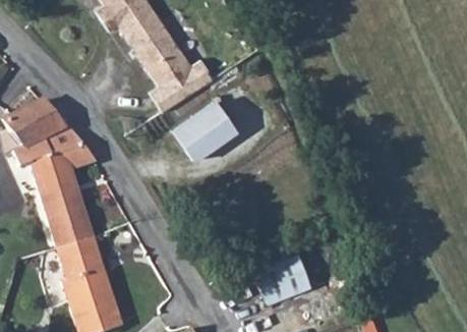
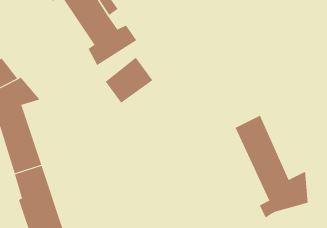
building: none -> [235,115,308,219]
building: [254,254,312,303] -> none

